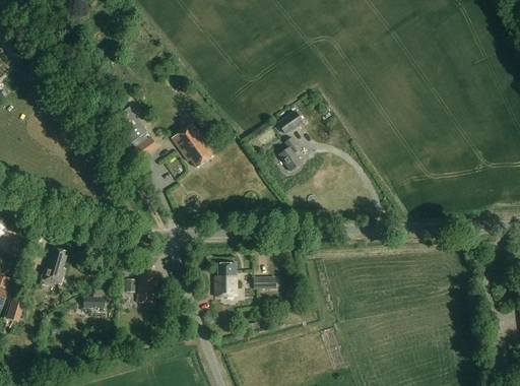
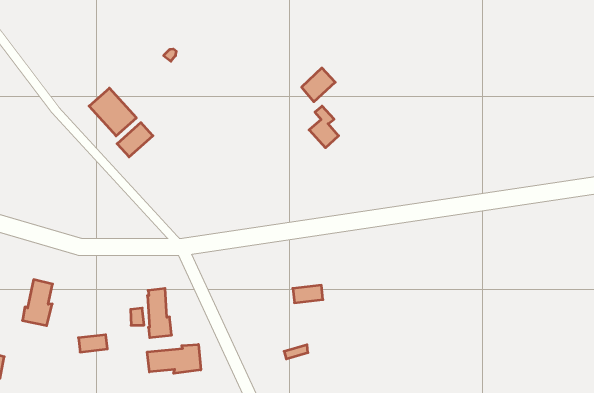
building: [172,123,214,169] -> none
building: [215,263,237,297] -> none
building: none -> [147,344,201,373]

